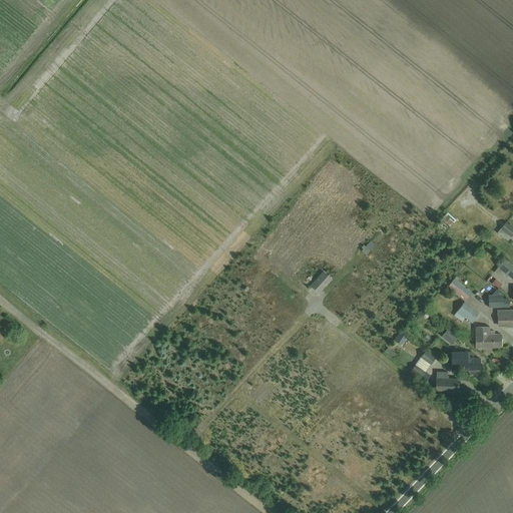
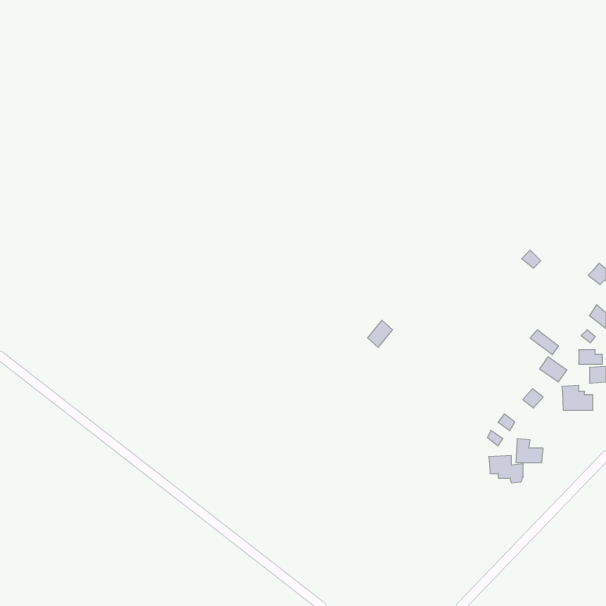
building: [451,351,480,374] -> [489,456,523,483]

